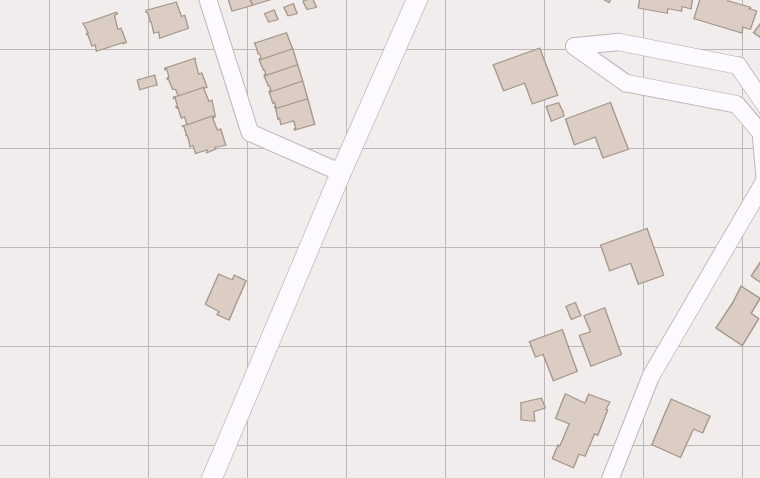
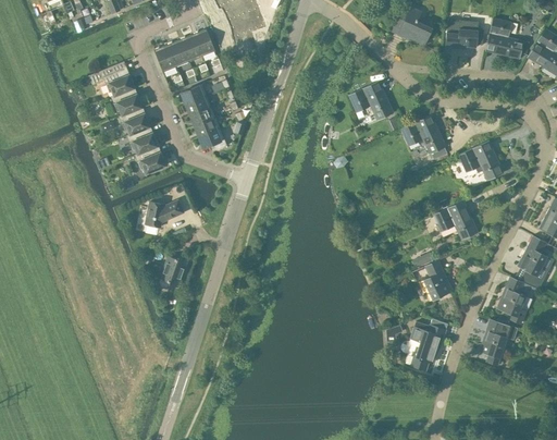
building: [83,12,126,51] -> [110,86,141,114]
building: none -> [457,140,504,180]
building: none -> [145,199,183,227]
building: [530,330,577,381] -> none
building: none -> [496,276,525,323]

